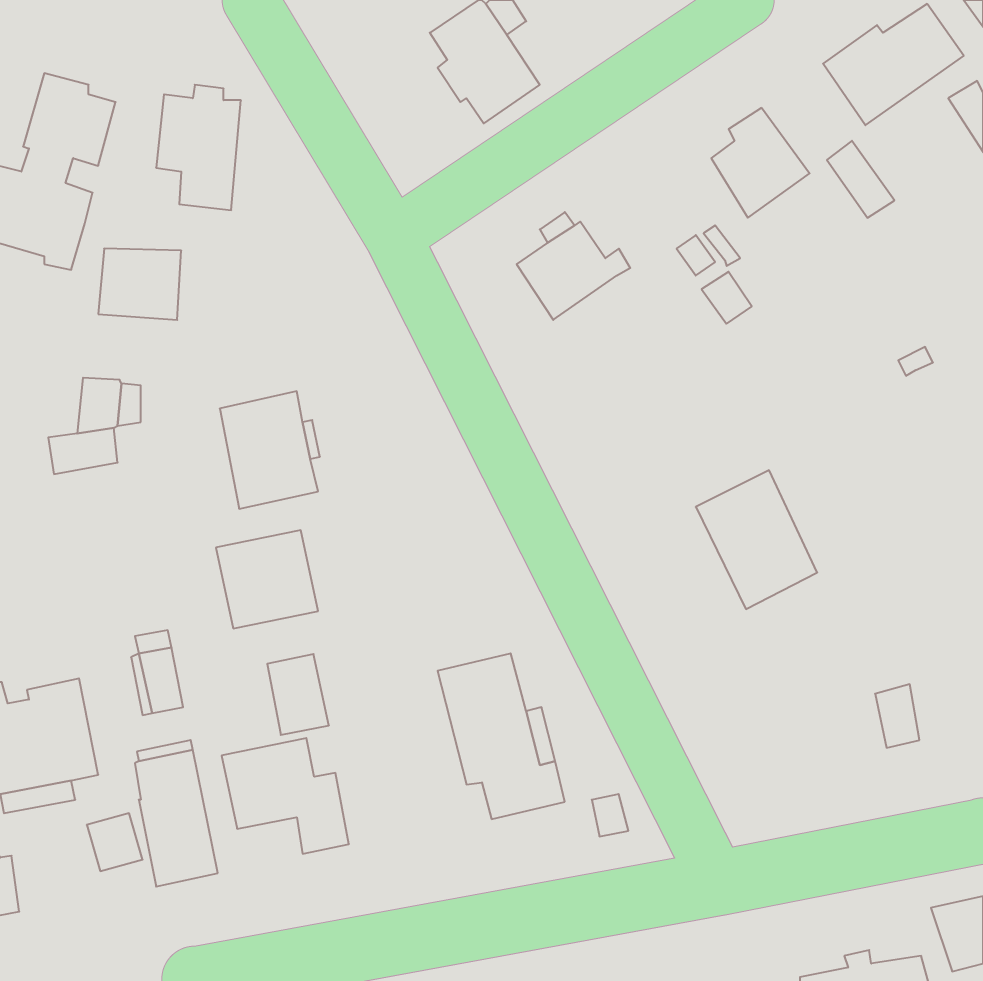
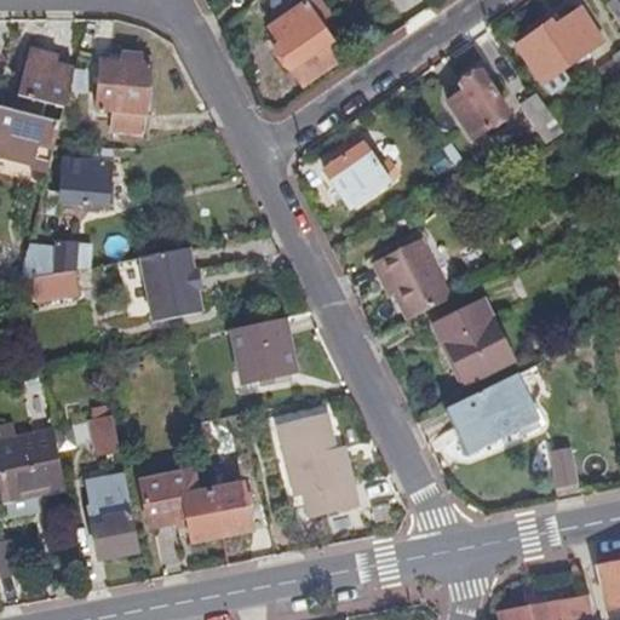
building: none -> [373,239,452,320]
building: [216,530,318,628] -> [229,320,293,381]
building: none -> [448,375,541,454]
building: [267,654,329,735] -> [211,482,249,533]

